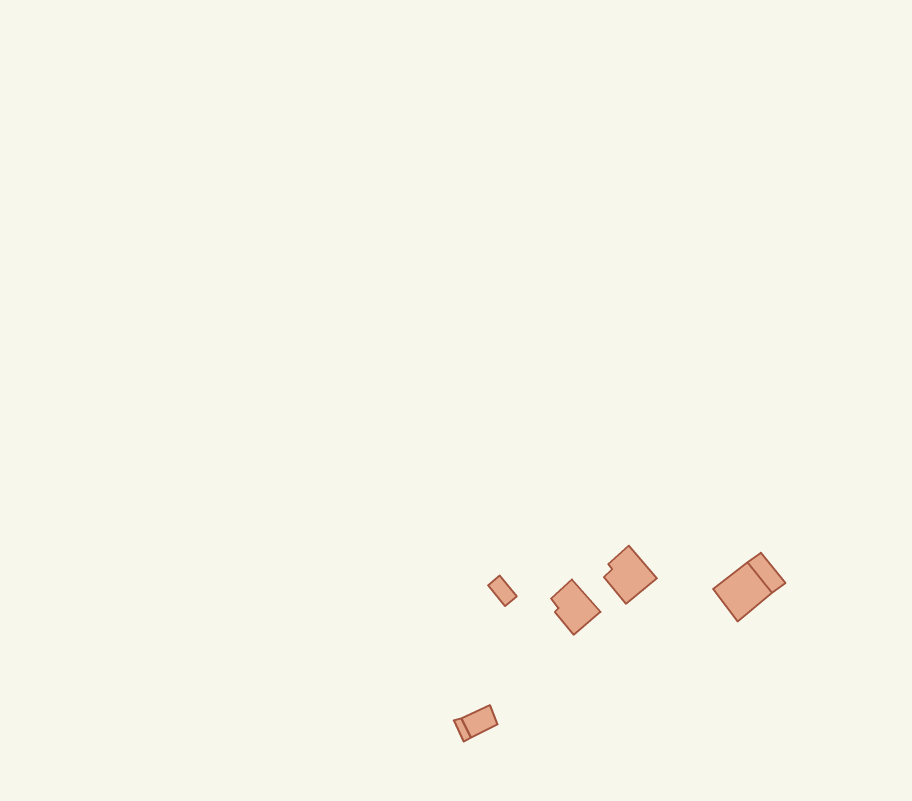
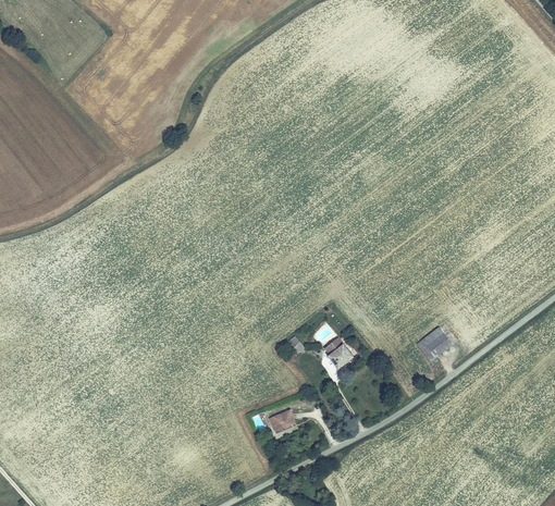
building: [604,546,657,604] -> none

